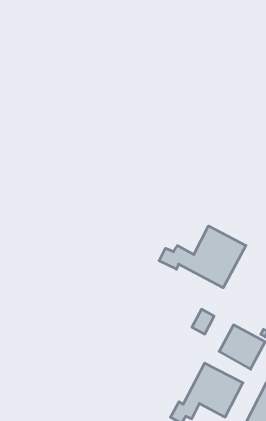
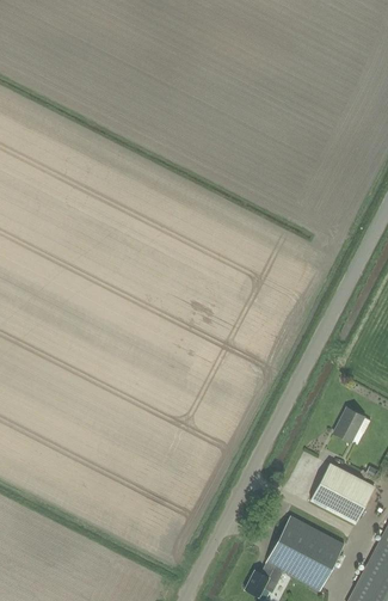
building: [159,226,246,288] -> none
building: [192,309,214,334] -> [333,407,364,442]

